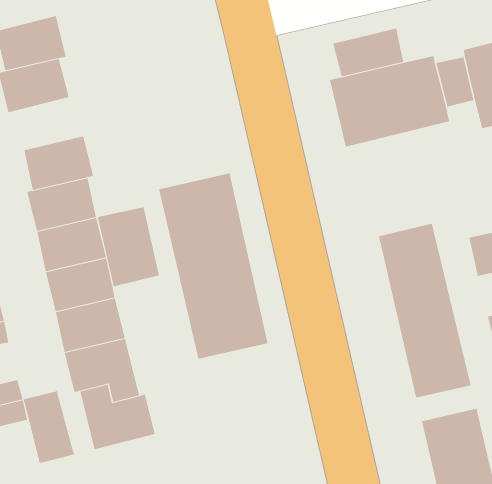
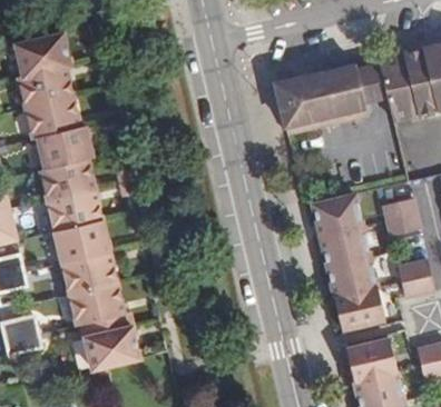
building: [333,28,404,77] -> none
building: none -> [26,96,80,138]
building: [158,172,268,360] -> none
building: [97,206,160,287] -> none
building: [23,390,75,464] -> none

